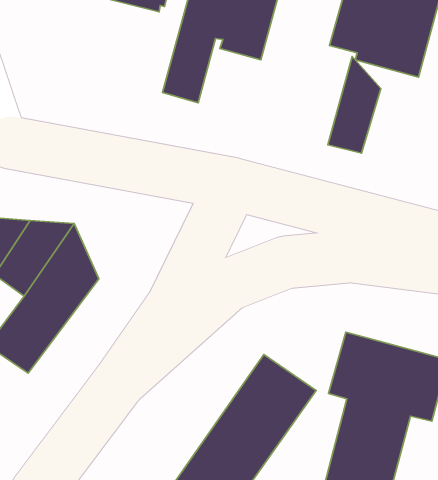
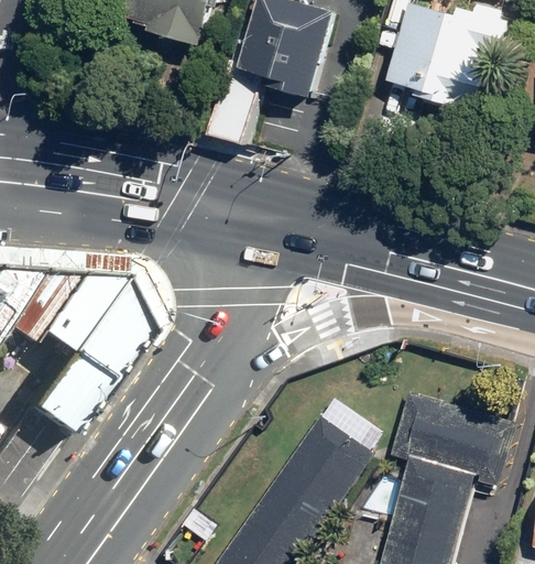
building: [328,57,381,153] -> none

